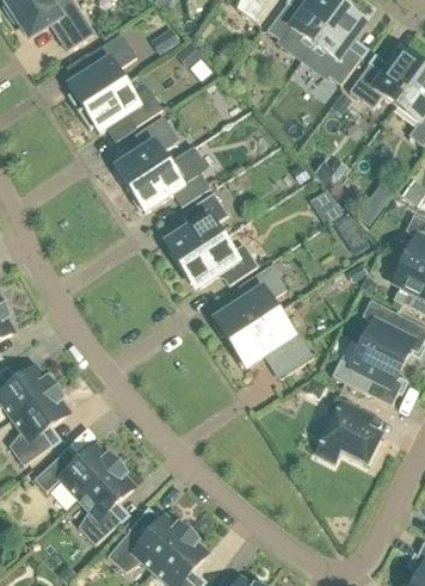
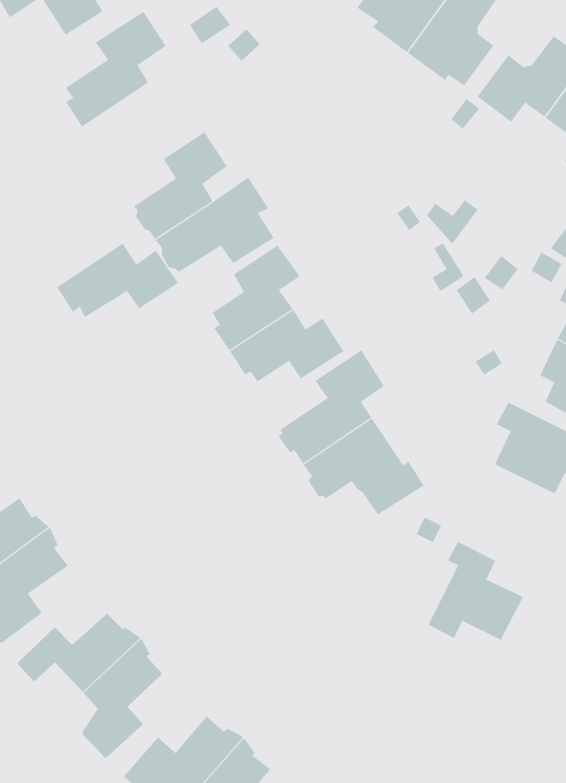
building: [78,81,162,132] -> [55,243,179,318]
building: [332,343,404,405] -> none

